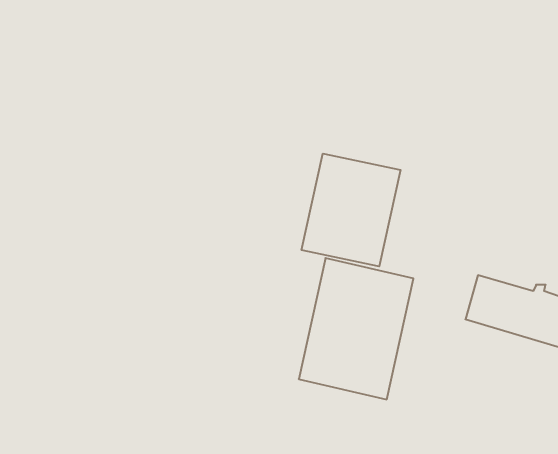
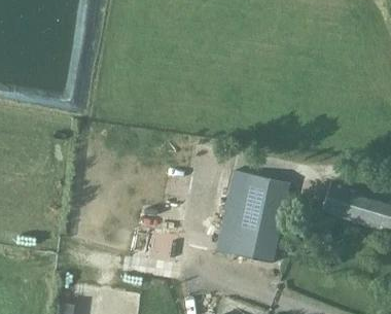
building: [302,154,401,266] -> none

